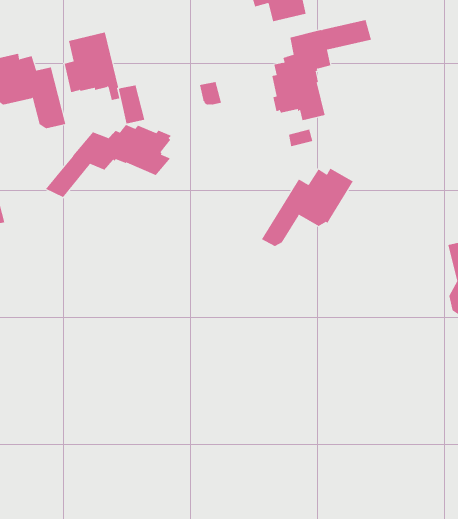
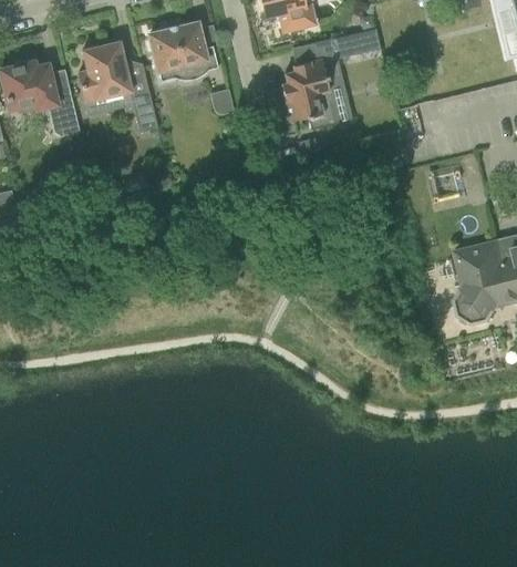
building: none -> [149,21,219,81]
building: [45,124,172,198] -> none
building: [261,168,354,247] -> none

